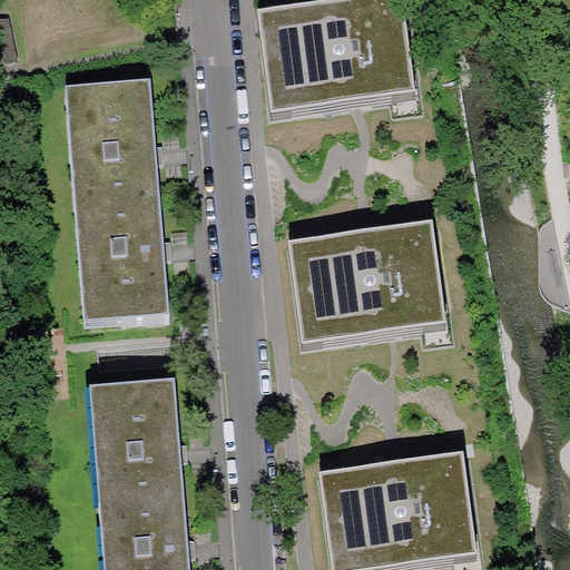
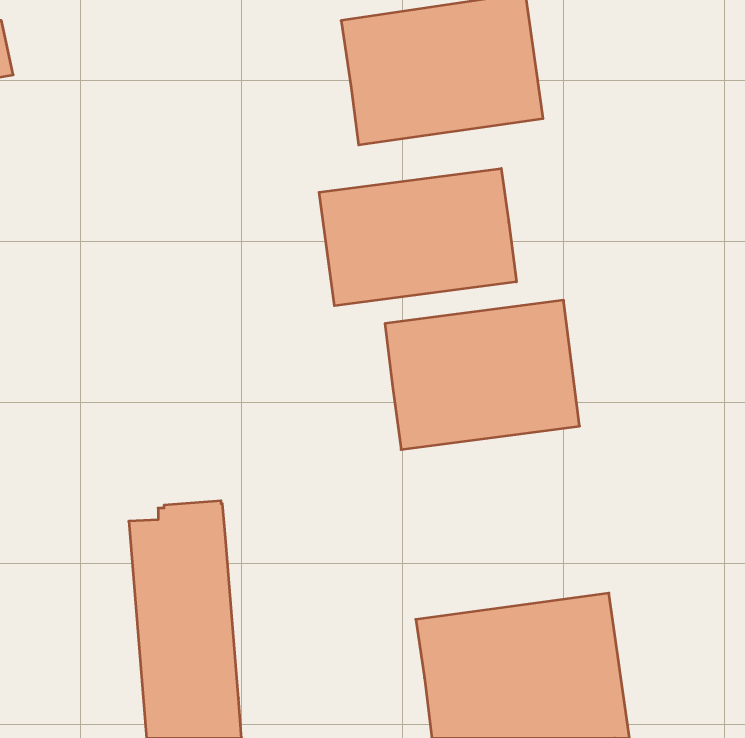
building: [75,82,165,320] -> none
building: none -> [319,168,516,306]

